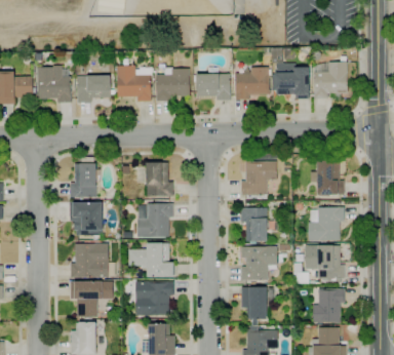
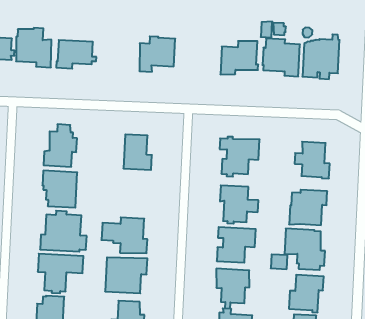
building: [117,66,152,102] -> none
building: [197,74,231,101] -> none
building: [137,203,173,237] -> none

